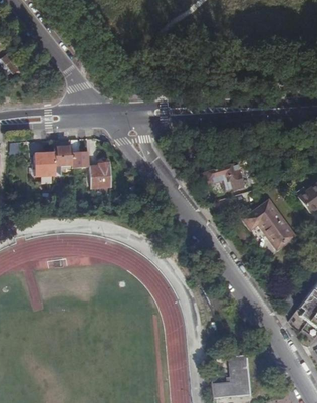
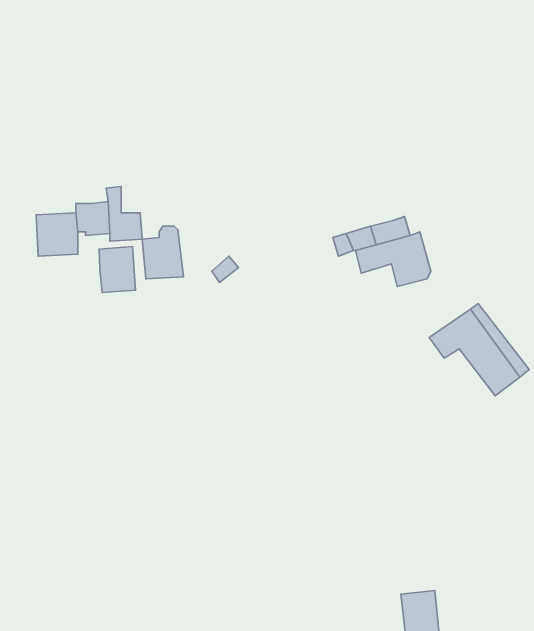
building: none -> [99,247,136,293]

